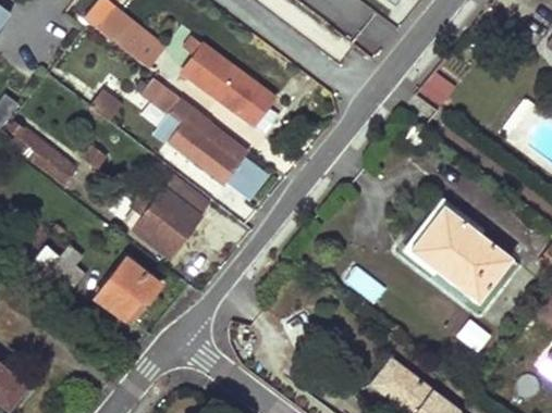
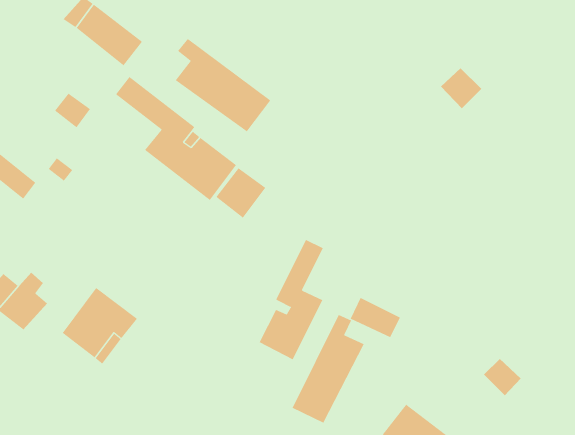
building: [131,176,210,258] -> none
building: [410,205,512,301] -> none
building: none -> [259,239,323,360]
building: none -> [292,314,365,423]

